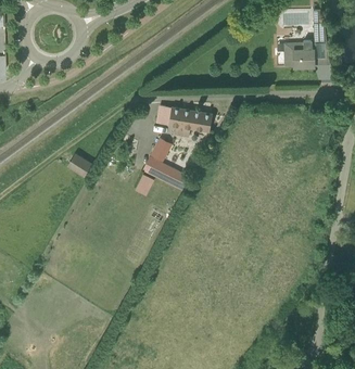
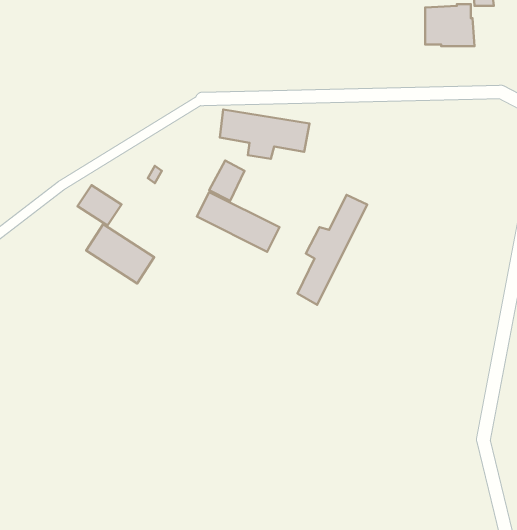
building: none -> [297,195,367,305]
building: none -> [86,224,154,284]

